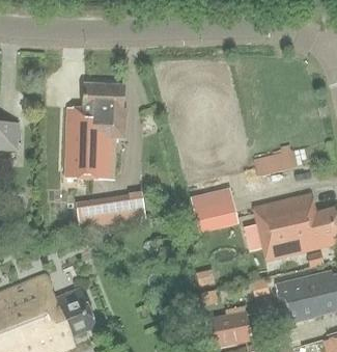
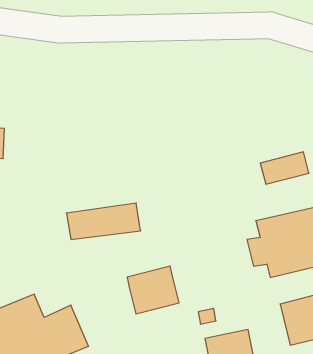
building: [65,80,128,179] -> none
building: [192,189,241,234] -> [127,266,179,314]

